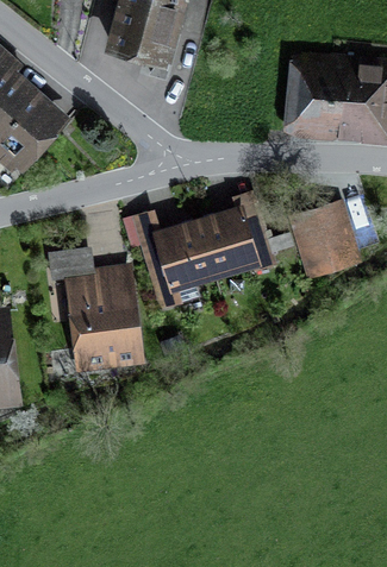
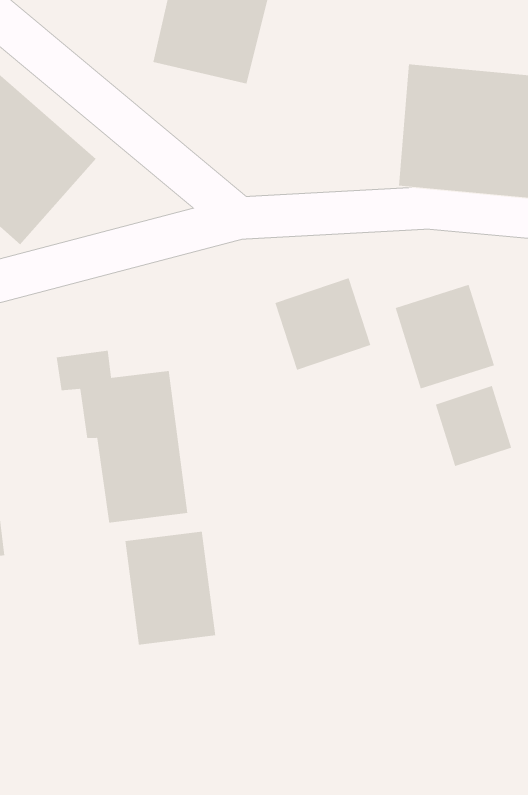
building: [136,218,214,304] -> none
building: none -> [435,385,512,467]
building: none -> [125,531,216,646]

